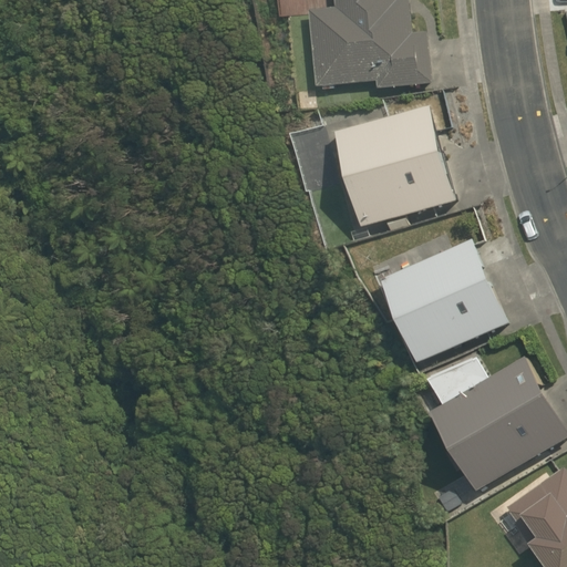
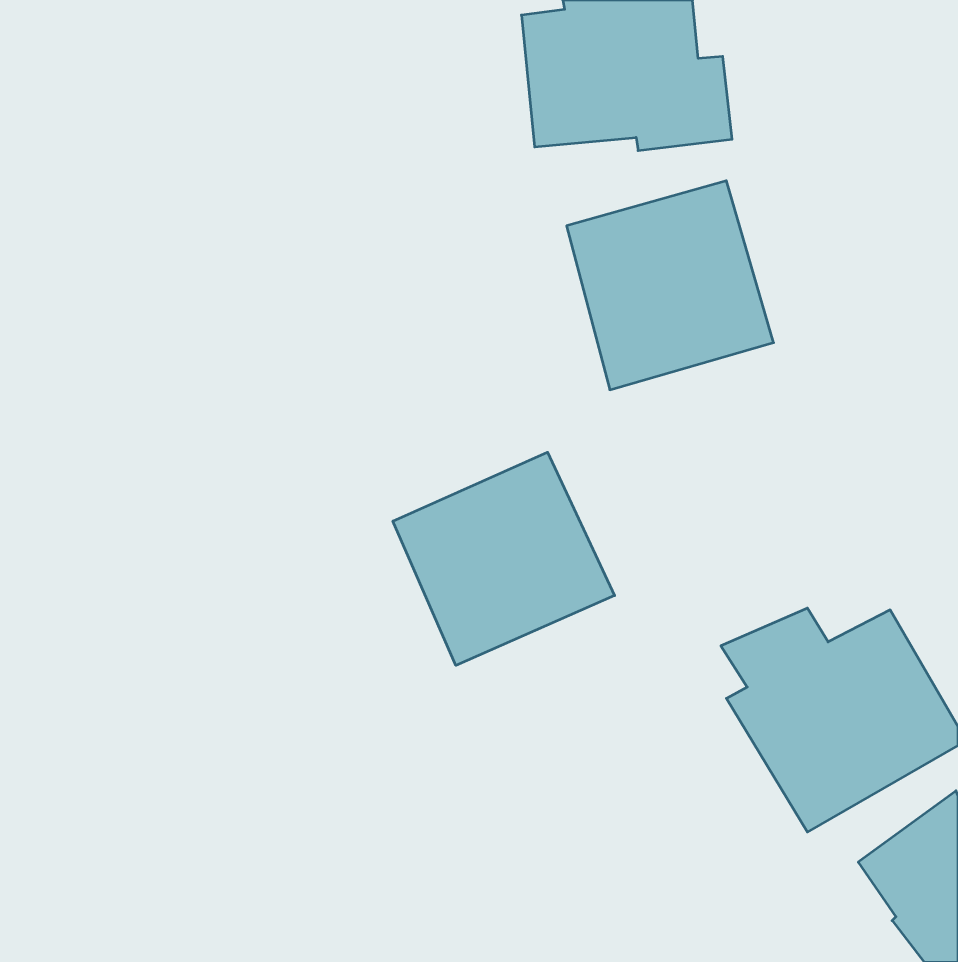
building: [379,240,508,363] -> none
building: none -> [393,452,615,665]

